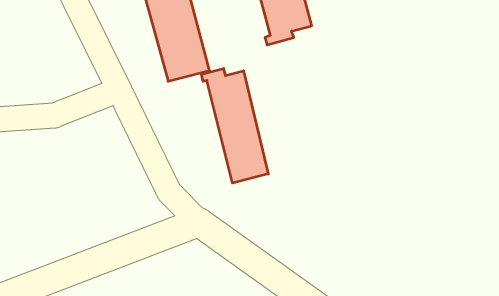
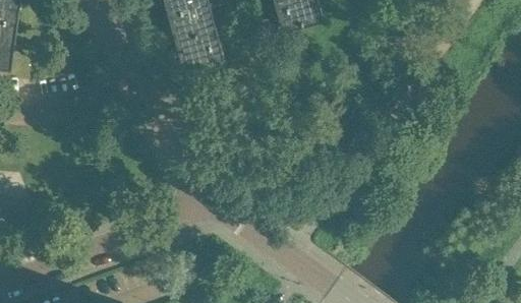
building: [202,68,268,183] -> none

